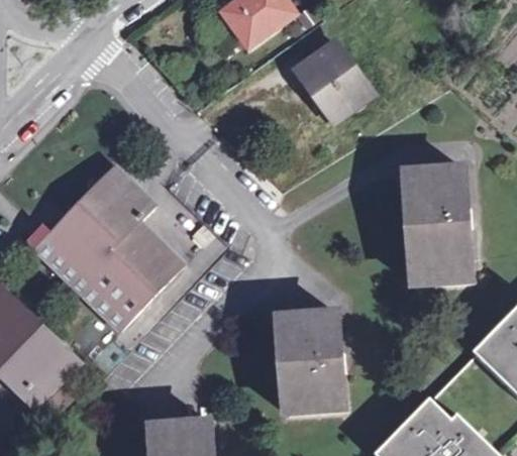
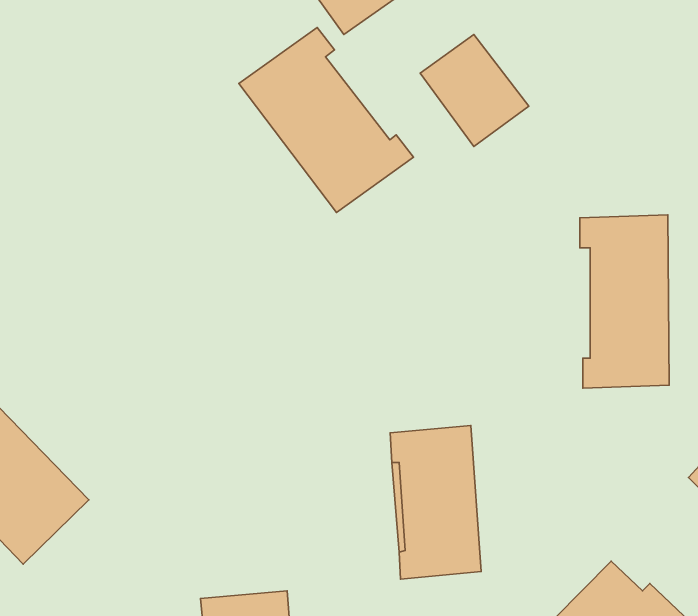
building: none -> [239,27,414,213]
building: [25,163,183,328] -> none

